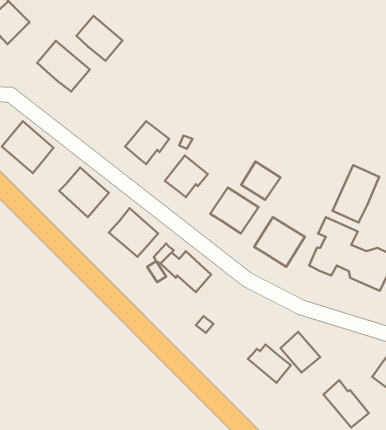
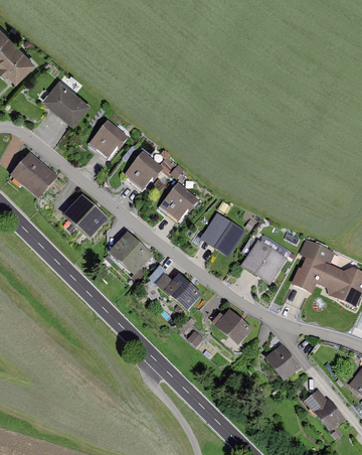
building: [77,16,122,61] -> none
building: none -> [88,121,128,159]
building: [241,161,281,200] -> none
building: [332,165,379,222] -> none
building: [248,344,291,383] -> [212,307,251,342]

